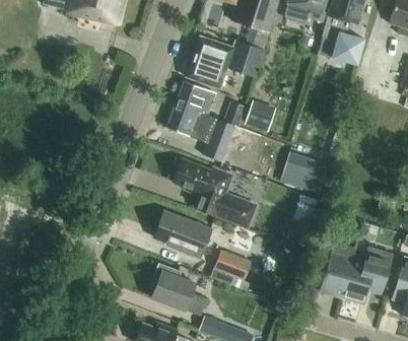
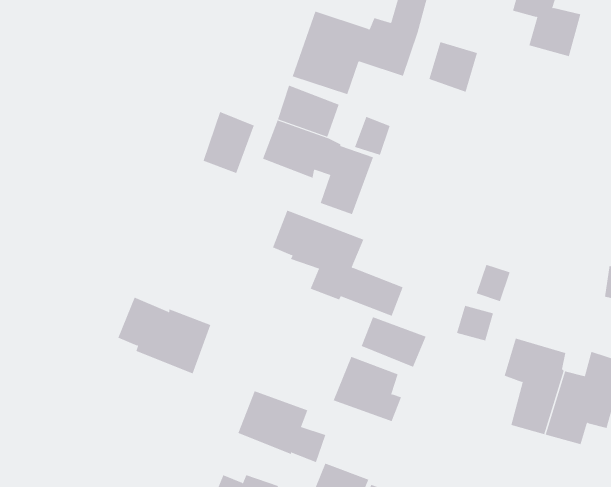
building: none -> [203,111,255,174]
building: [245,100,275,132] -> [428,41,478,92]
building: [278,151,312,189] -> none
building: [153,211,211,259] -> [118,297,211,374]

